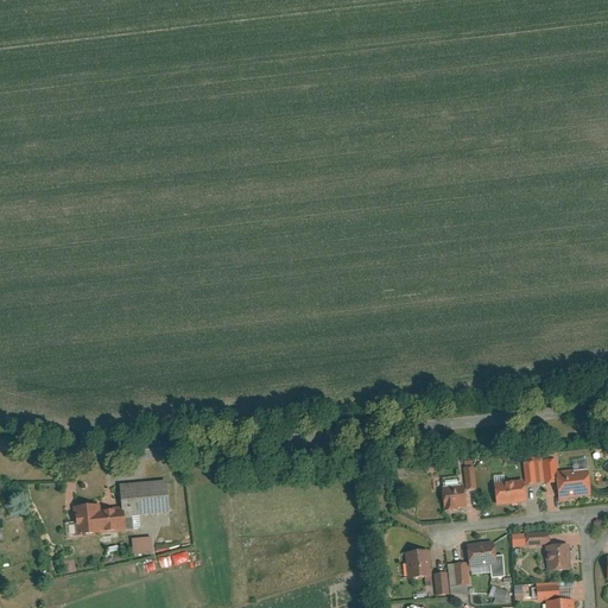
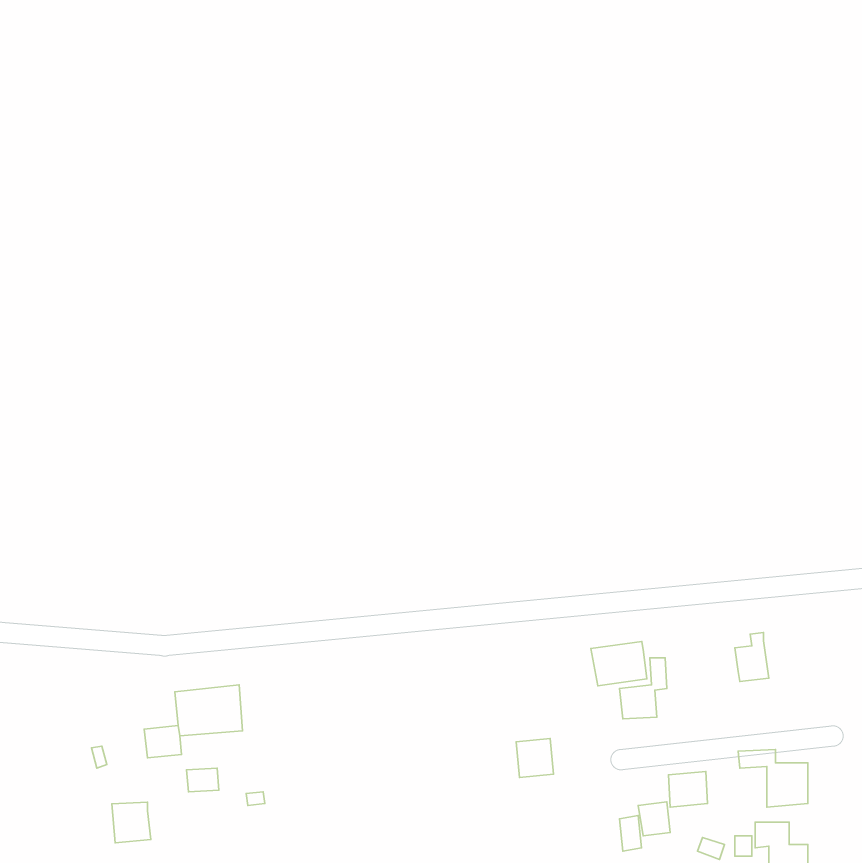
building: [538,449,587,494] -> none
building: [484,473,524,504] -> [591,642,647,686]
building: [80,507,107,536] -> [112,802,151,843]
building: [410,555,436,582] -> [516,739,554,778]

